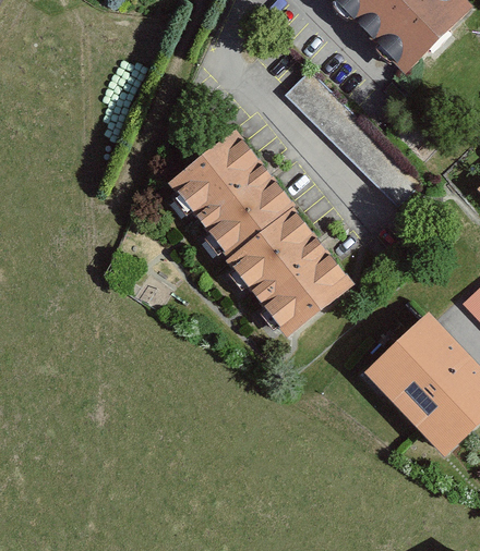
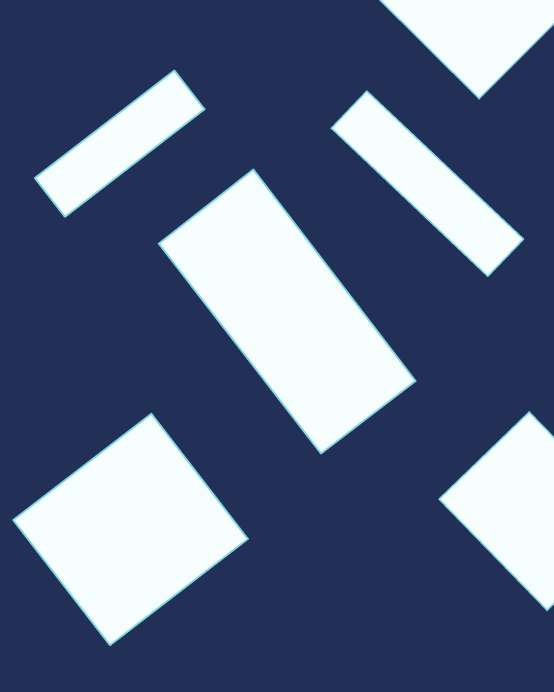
building: none -> [35,71,205,217]
building: none -> [13,414,248,645]

